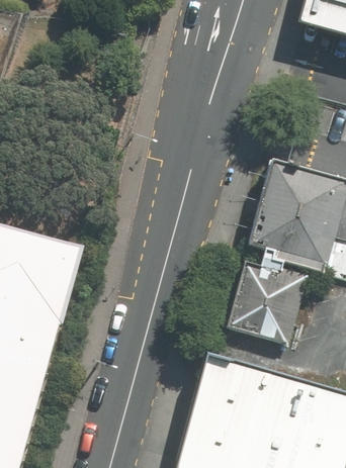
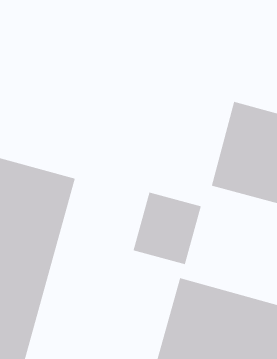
building: [225,265,302,348] -> [133,192,202,265]

